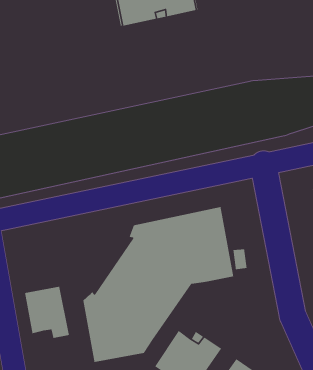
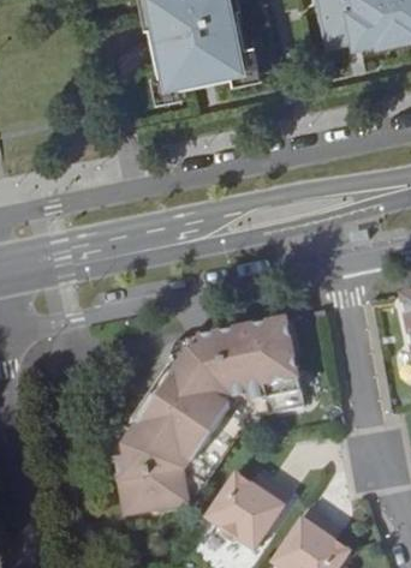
building: [24,286,70,339] -> none

